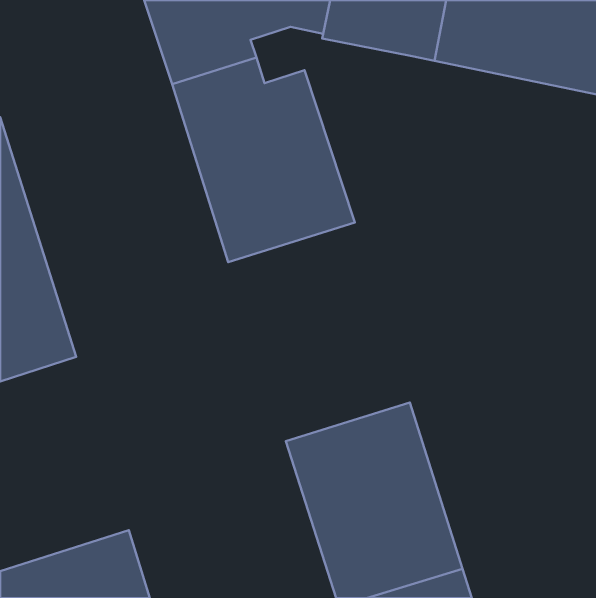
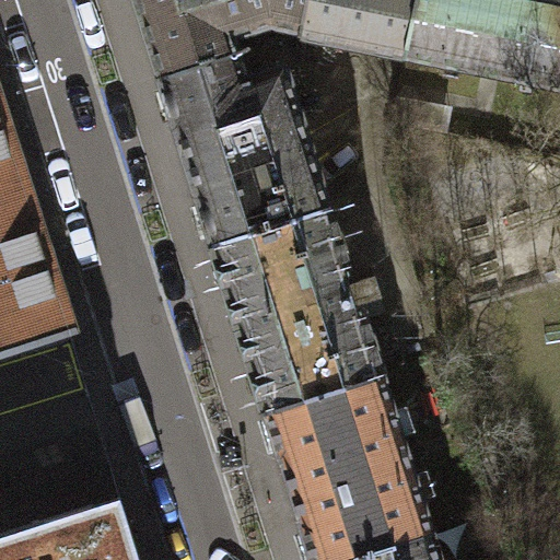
building: none -> [215,208,387,412]

